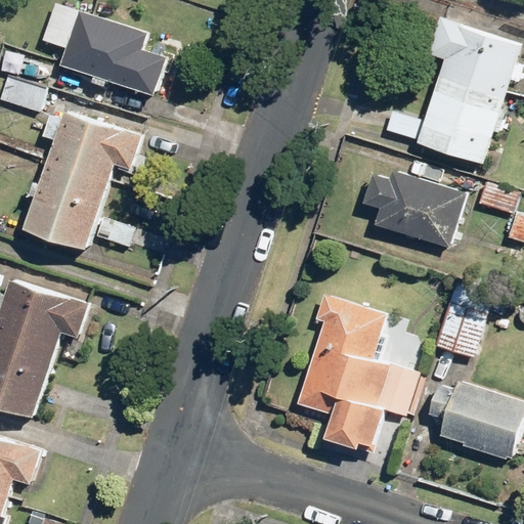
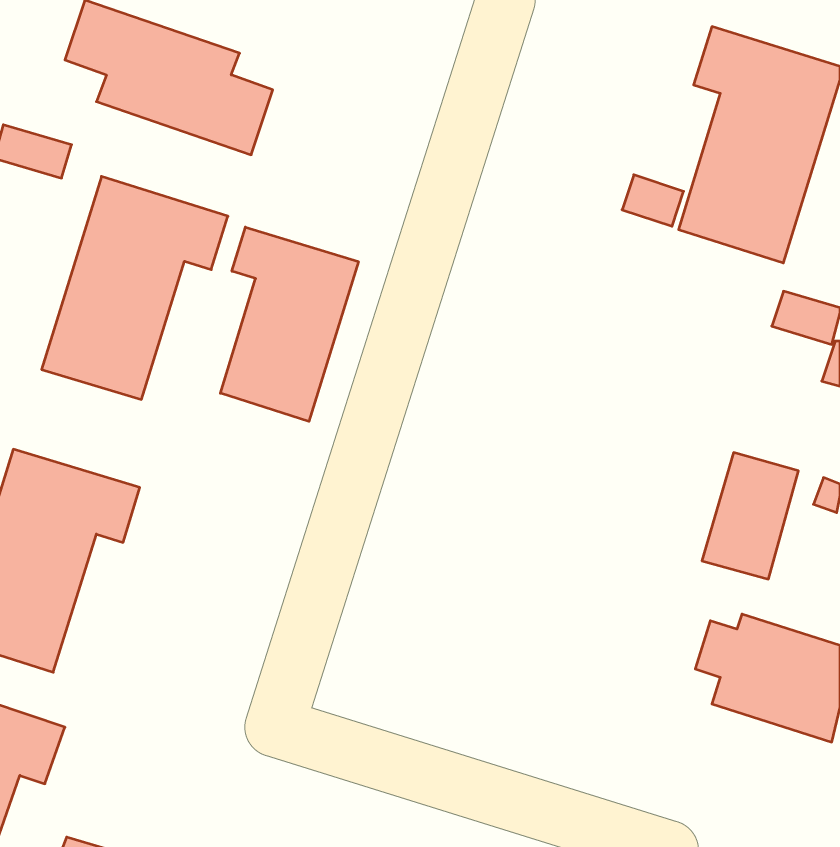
building: none -> [220,227,358,421]
building: [362,169,469,248] -> none
building: [297,295,417,451] -> none

